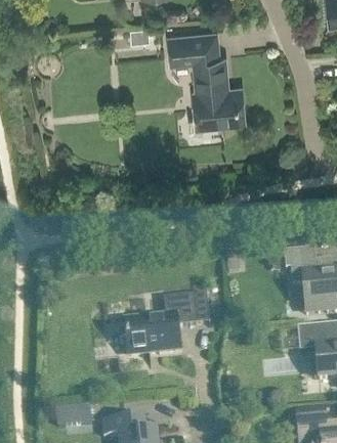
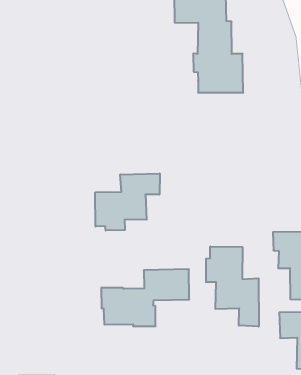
building: none -> [95,173,160,231]
building: none -> [206,246,259,327]

